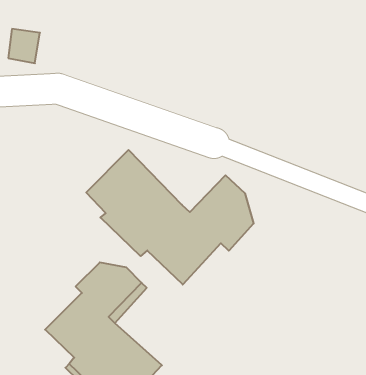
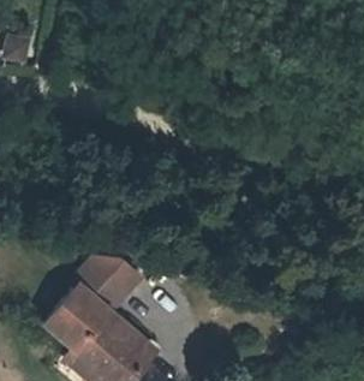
building: [86,150,254,285] -> none

